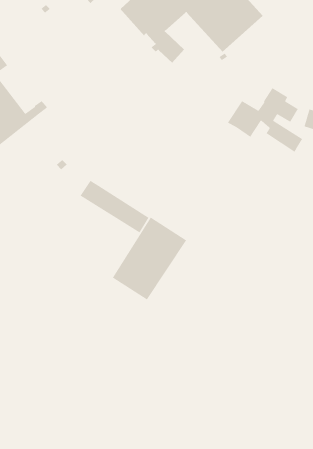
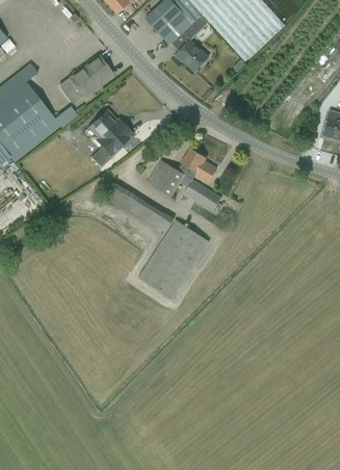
building: none -> [59,55,113,102]
building: [227,87,303,153] -> [148,148,221,211]
building: none -> [91,111,133,165]

